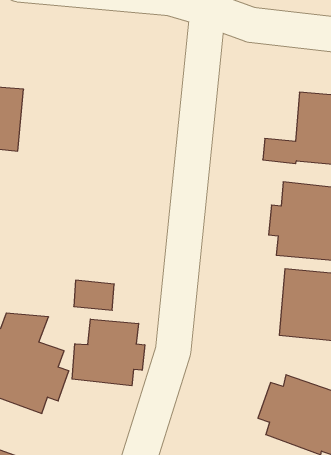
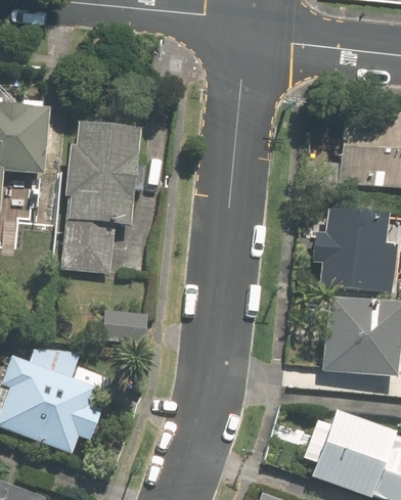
building: none -> [61,125,141,272]
building: [72,319,145,386] -> none

